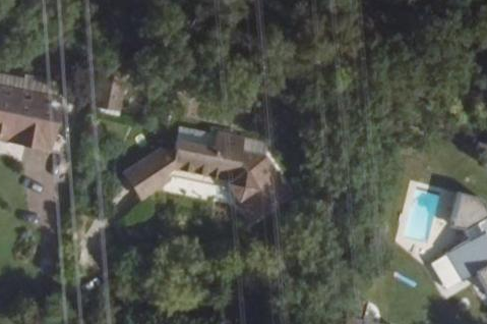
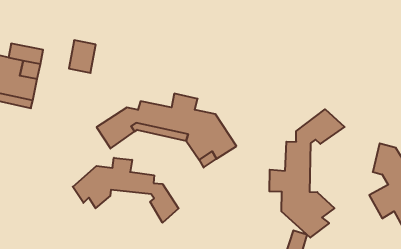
building: none -> [269,109,345,238]
building: none -> [73,158,179,223]

